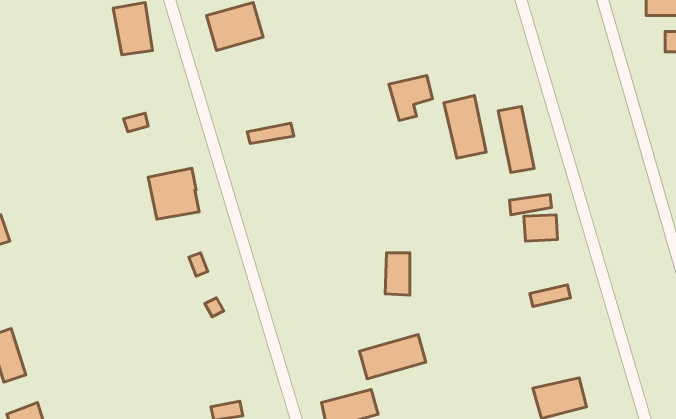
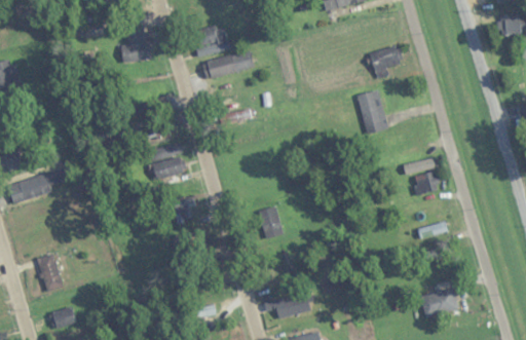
building: none -> [202,50,254,79]
building: [389,75,433,121] -> [370,46,401,78]
building: [498,106,534,173] -> none
building: [385,253,410,295] -> [262,209,279,238]
building: [360,334,426,379] -> none

